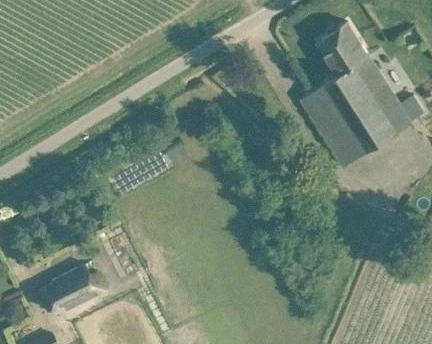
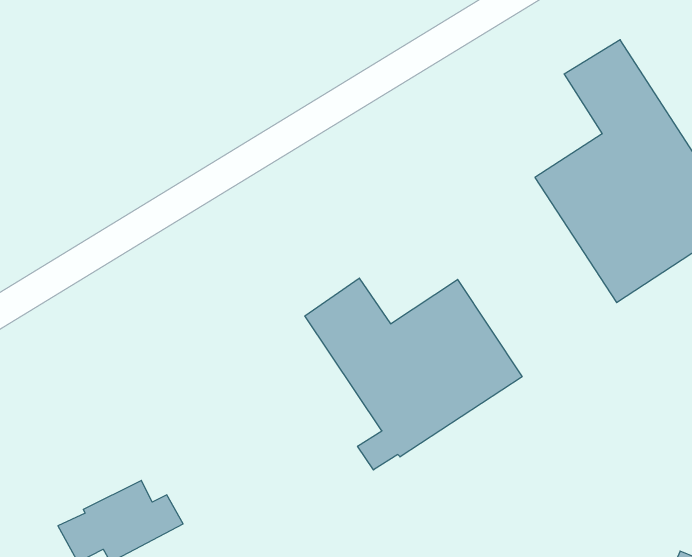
building: none -> [305,278,522,470]

